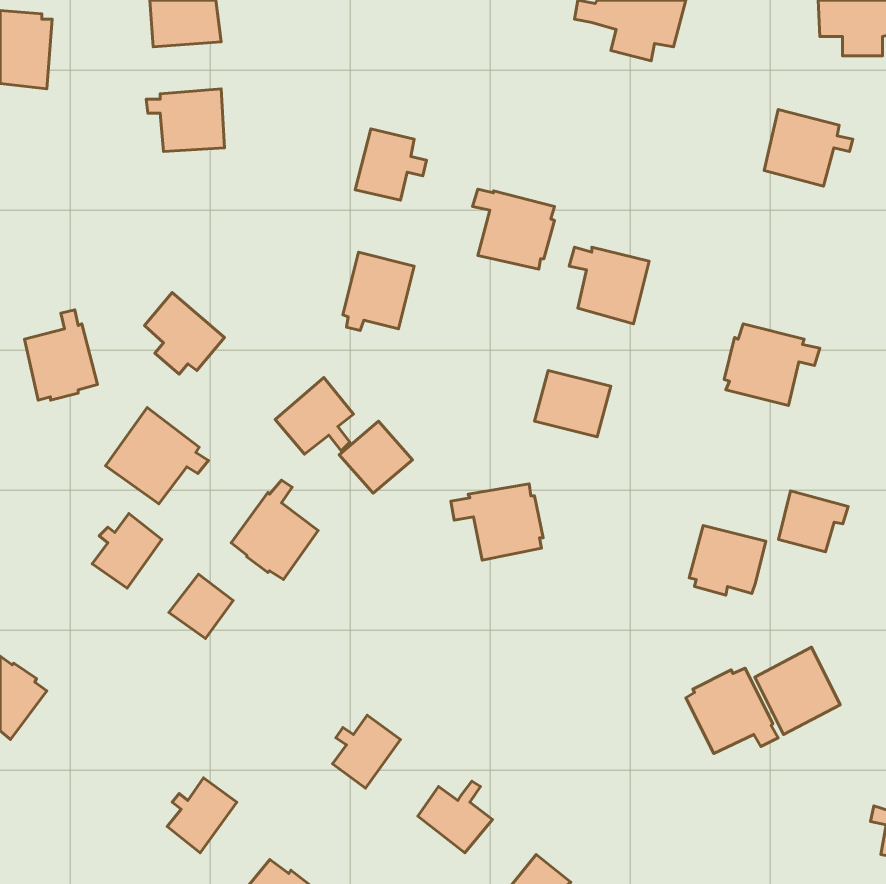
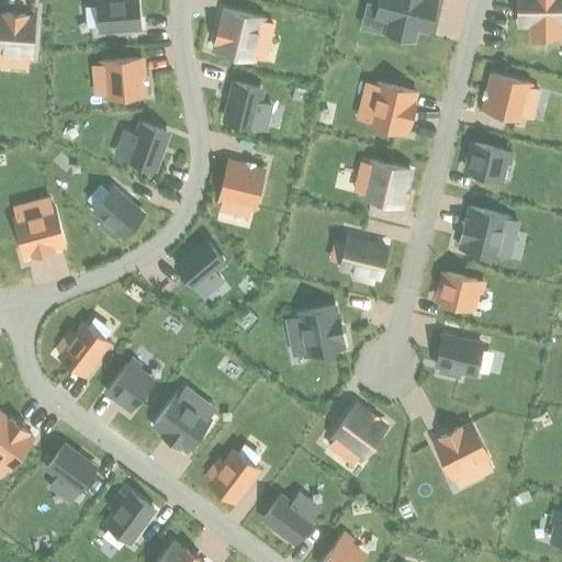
building: none -> [215,9,274,61]
building: [473,189,554,269] -> [364,83,416,134]
building: none -> [121,123,168,172]
building: none -> [469,143,512,181]
building: [106,408,209,504] -> none
building: [339,421,413,493] -> none
building: [231,480,318,579] -> [154,389,209,451]
building: [778,491,848,552] -> [440,272,484,311]
building: none -> [329,404,386,461]
building: [755,647,840,734] -> none
building: none -> [48,448,93,495]

